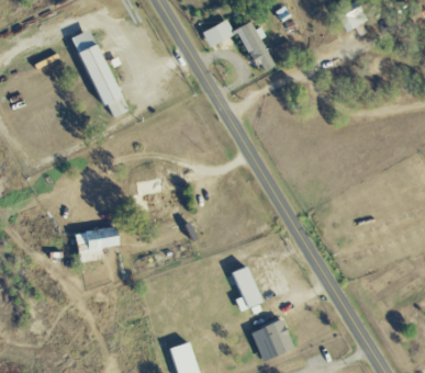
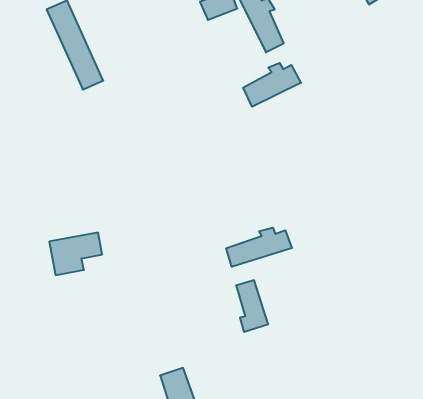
building: none -> [243,63,301,107]
building: none -> [226,228,292,267]
building: [256,318,294,361] -> none

